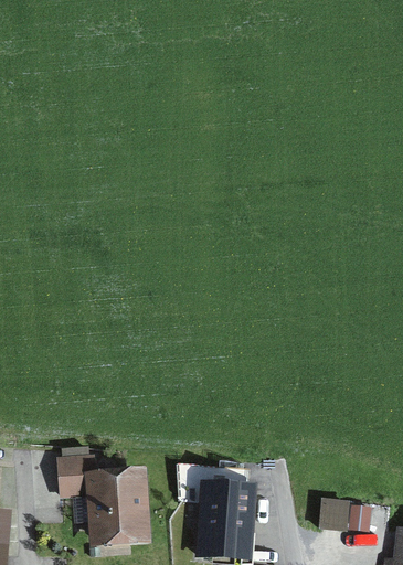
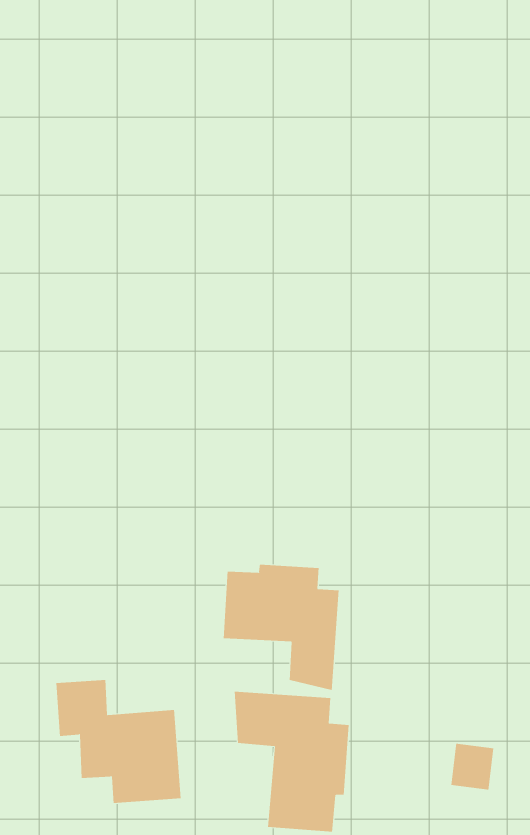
building: none -> [223,564,339,691]

